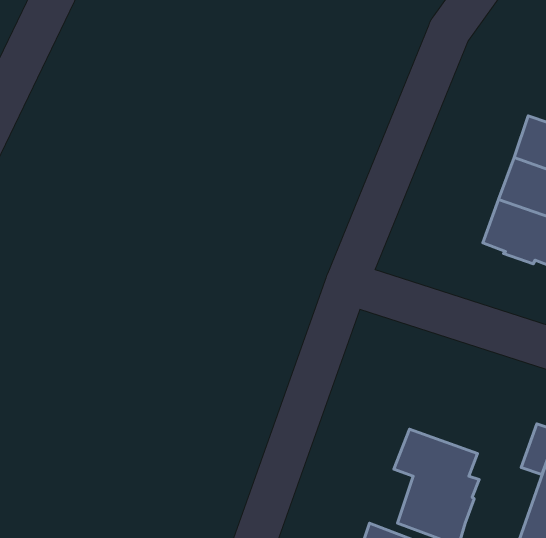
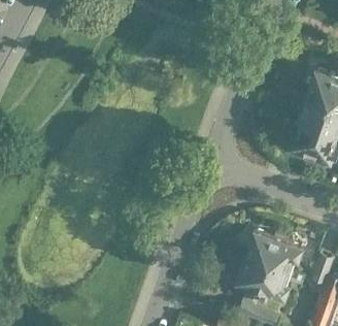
building: none -> [246,232,301,271]

